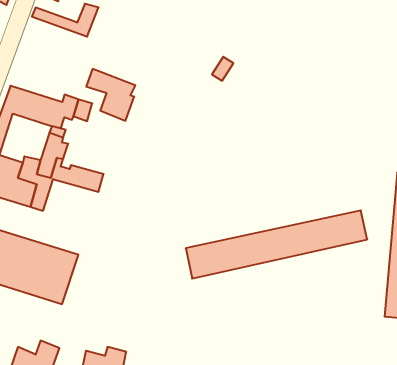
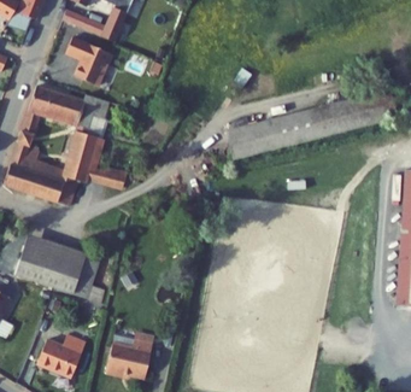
building: [86,69,135,121] -> [64,40,111,89]
building: [186,210,367,279] -> [222,93,395,158]

